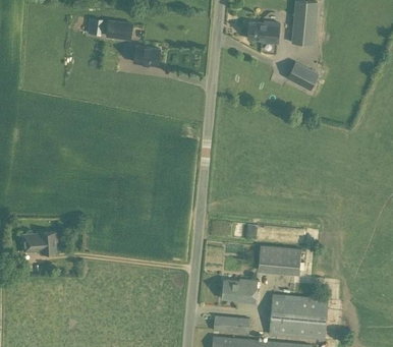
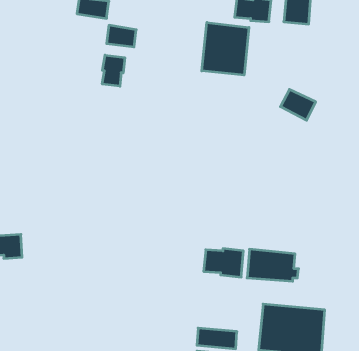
building: none -> [202,22,249,75]
building: [286,62,318,90] -> [280,89,316,120]
building: none -> [102,55,125,86]
building: [221,279,257,304] -> [204,249,243,277]

